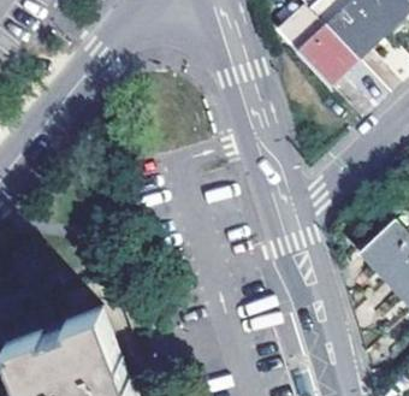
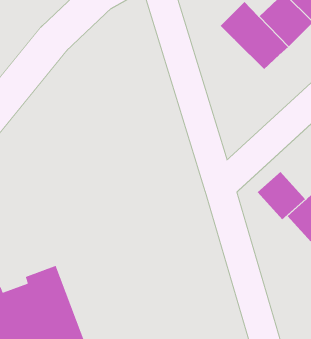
building: none -> [257,171,306,220]

